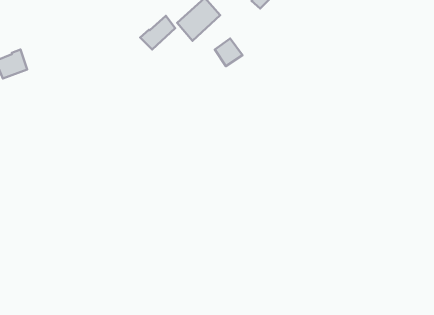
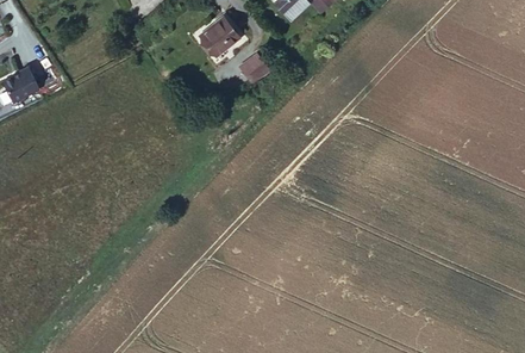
building: [140,16,175,49] -> none

